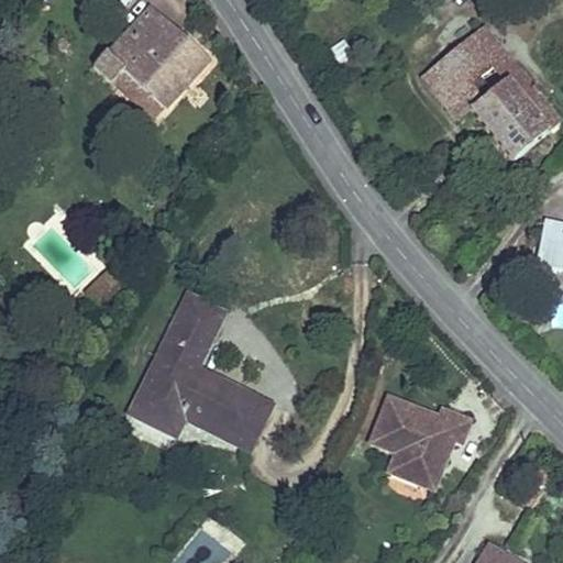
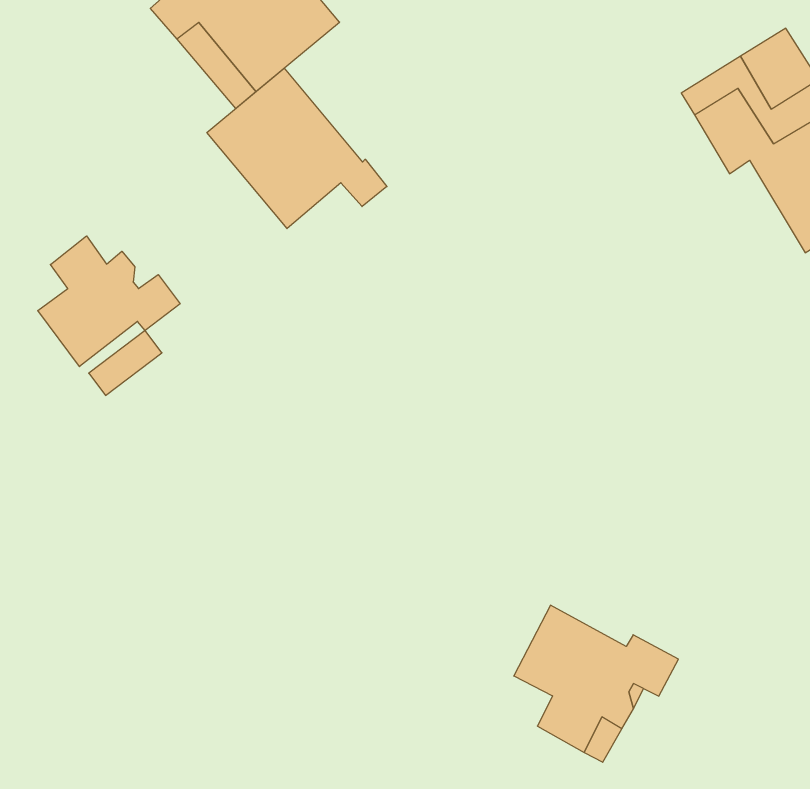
building: none -> [207,68,387,229]
building: none -> [38,236,180,367]
building: [133,296,269,445] -> none

